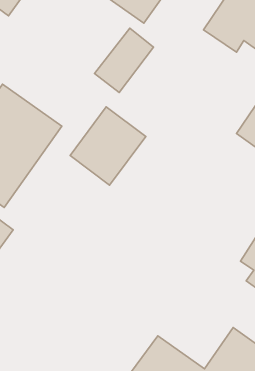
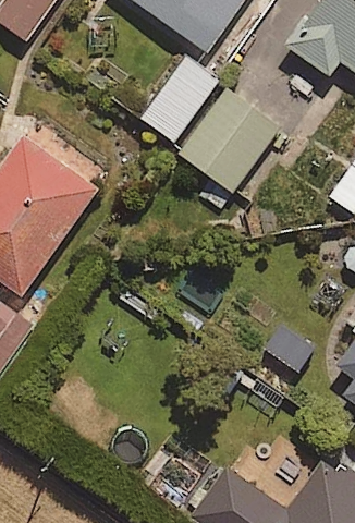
building: [70,107,146,185] -> [180,89,280,193]

